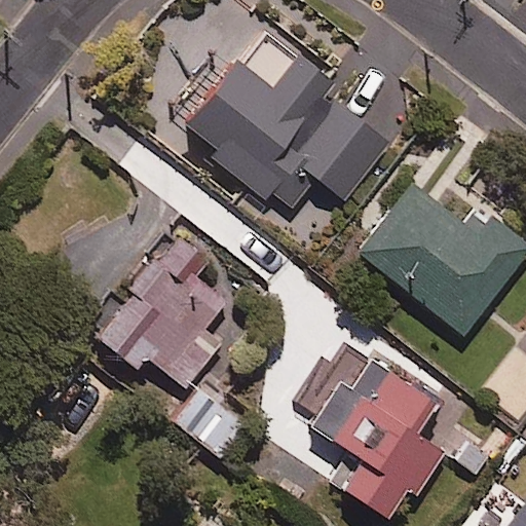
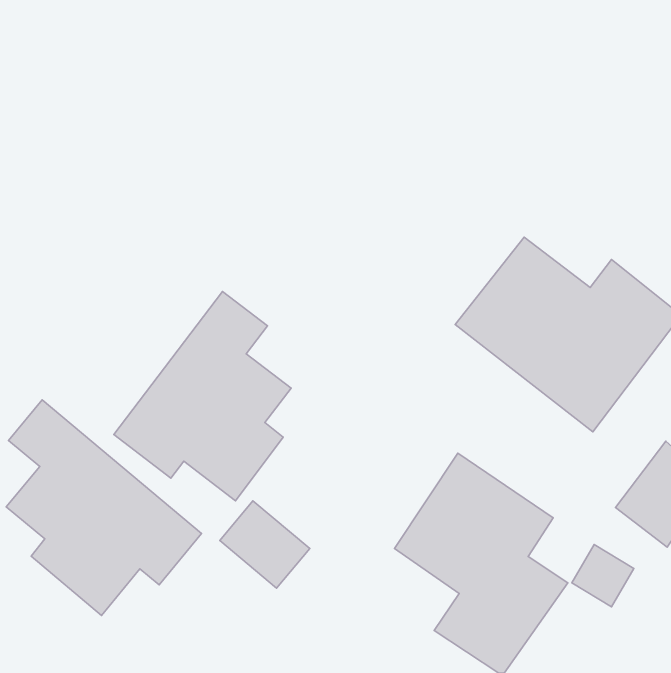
building: [181,27,390,215] -> none
building: none -> [6,400,202,616]

